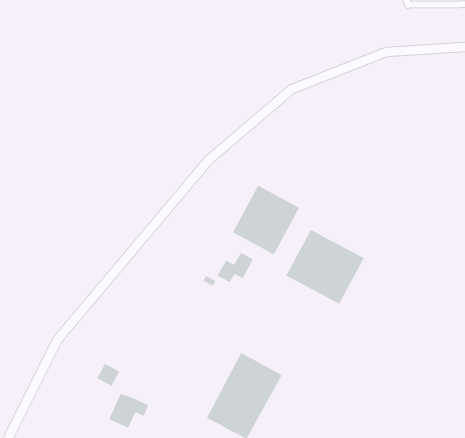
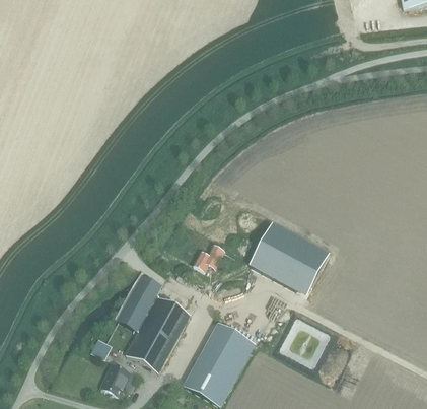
building: [232,185,300,256] -> none
building: none -> [119,273,189,370]

